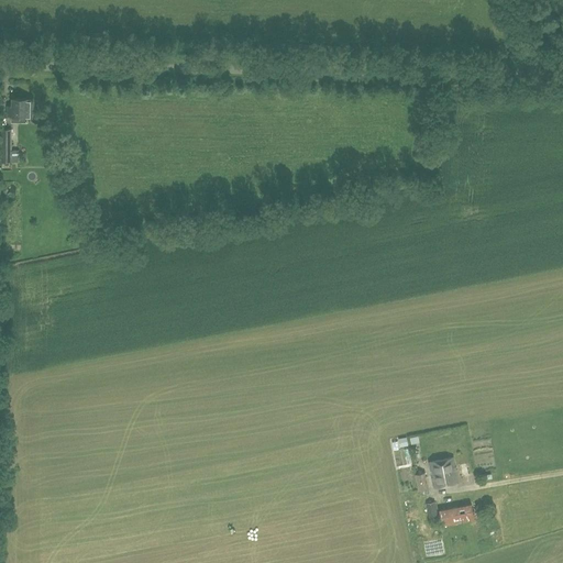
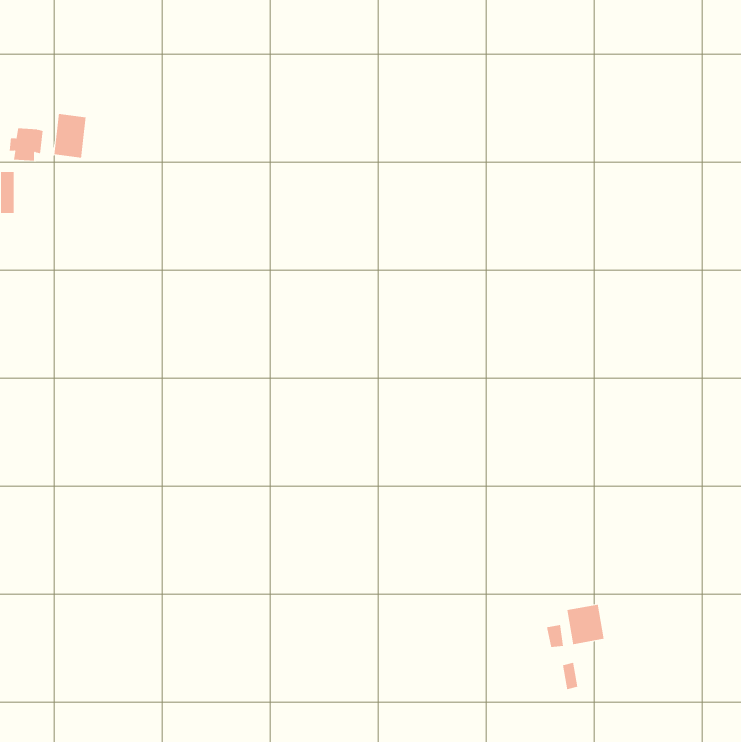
building: none -> [54,113,86,159]
building: [438,503,474,527] -> none

